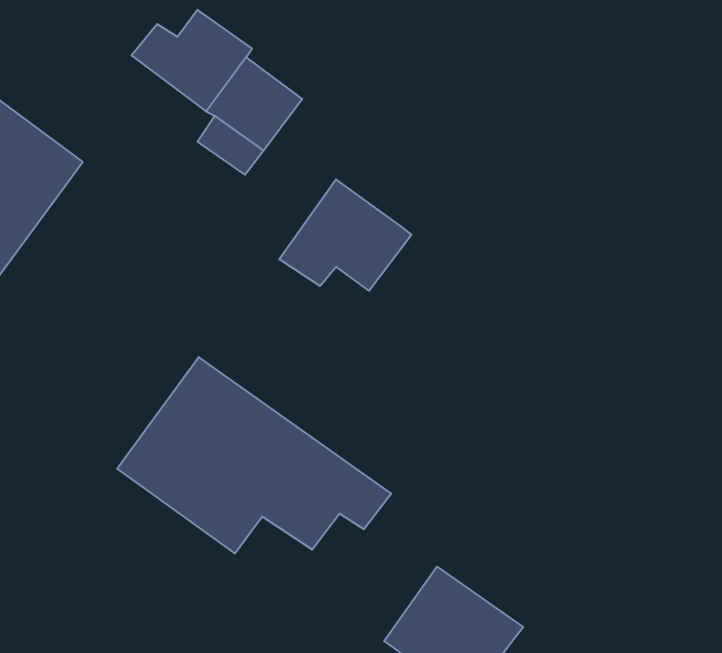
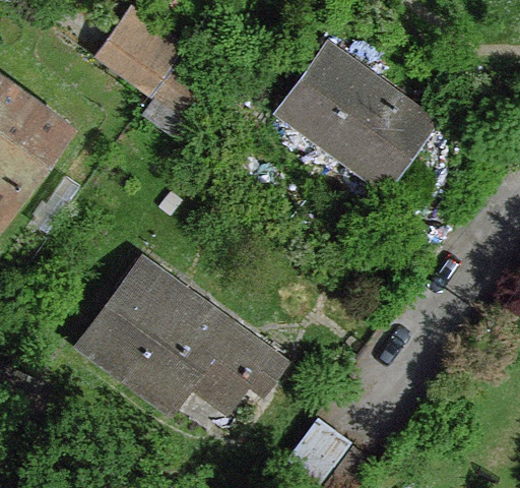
building: none -> [284,52,424,180]
building: [279,179,412,291] -> none

